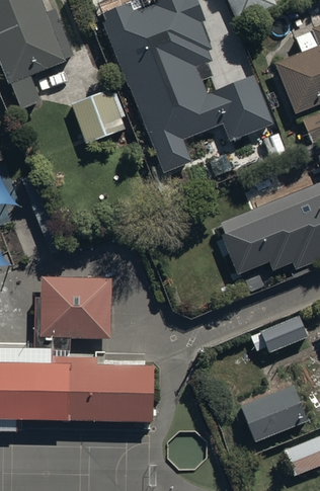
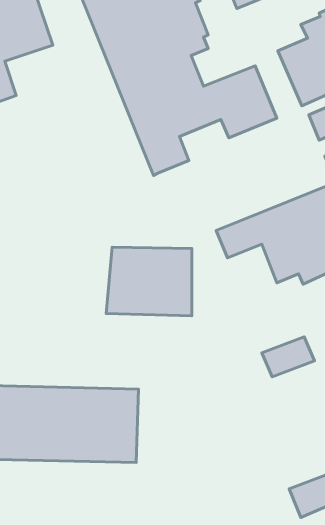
building: [72,88,127,142] -> none
building: [34,280,110,341] -> [106,247,192,316]
building: [237,376,309,445] -> none

